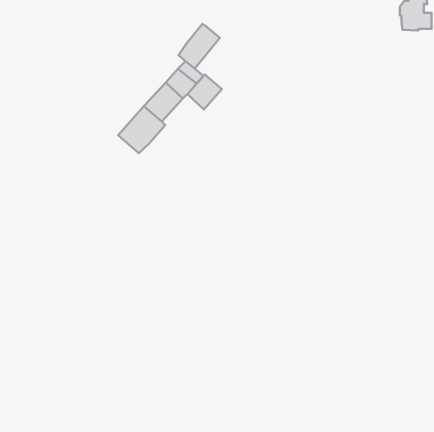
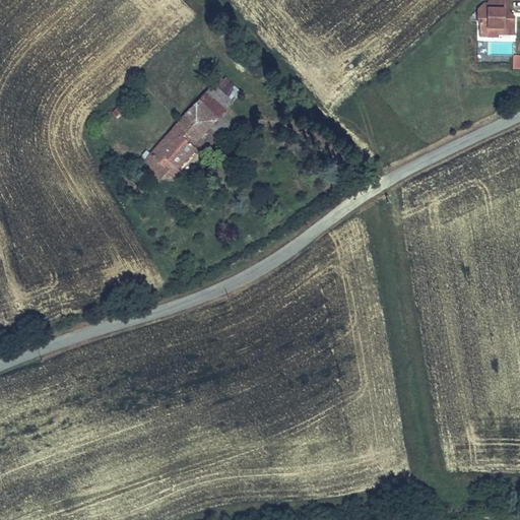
building: [178,24,220,69] -> none
building: [188,75,222,110] -> none

